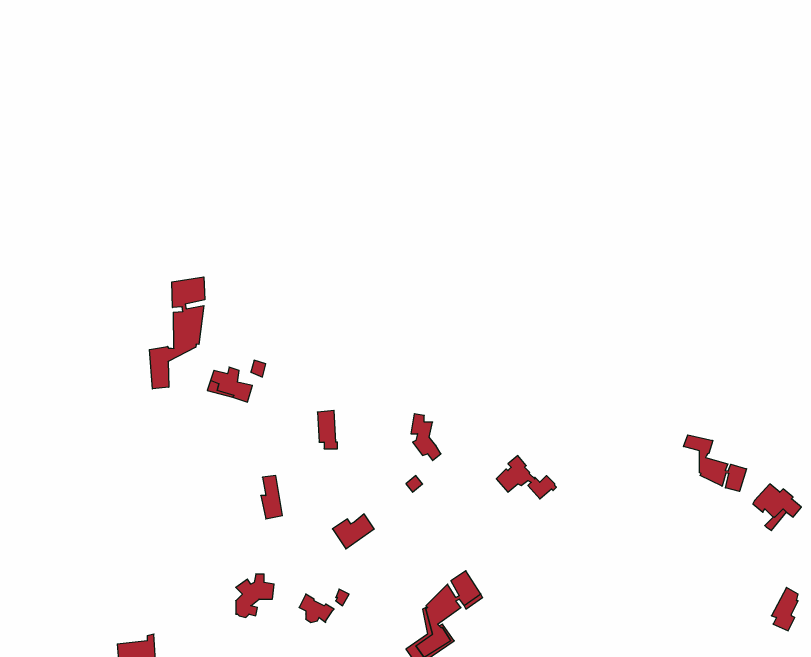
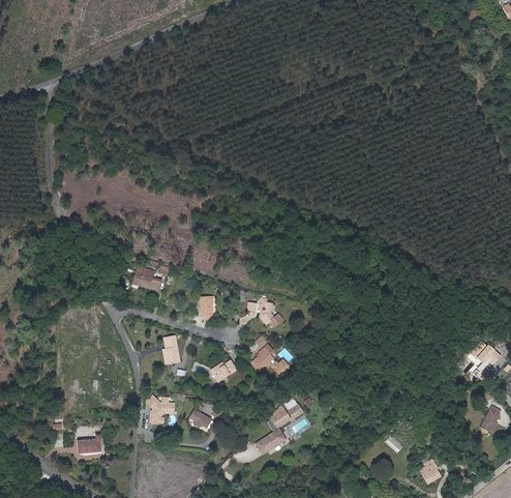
building: [149,277,205,389] -> none
building: [684,435,747,491] -> none
building: [496,456,556,499] -> [251,348,289,375]

